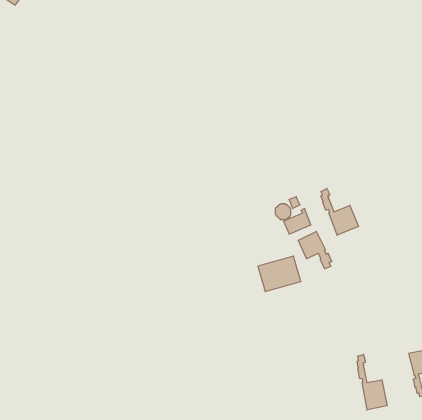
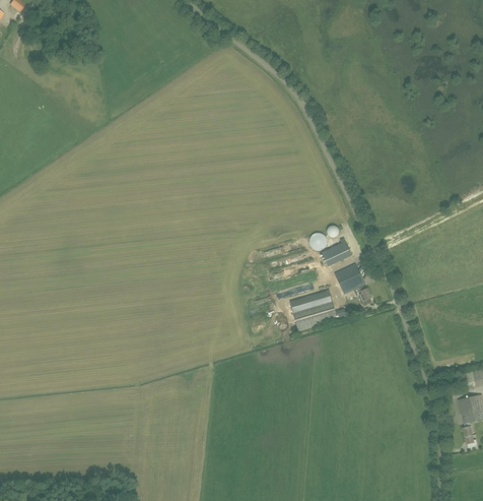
building: [321,188,358,235] -> none
building: [357,354,387,410] -> none

